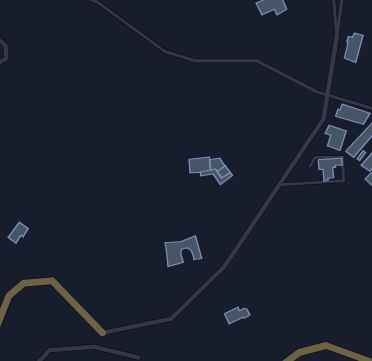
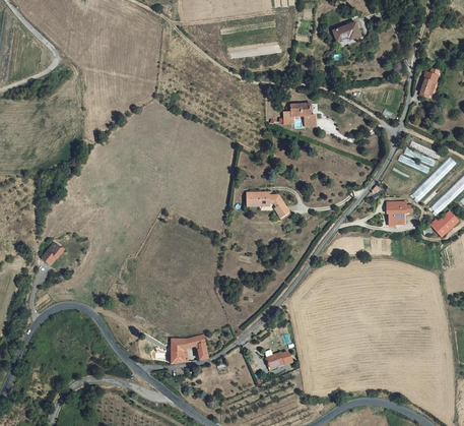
building: none -> [278,102,314,125]
building: [325,125,346,150] -> none
building: [165,236,202,266] -> [169,332,207,363]

